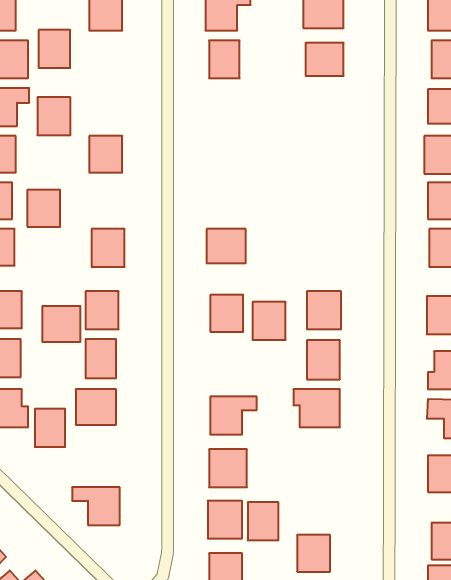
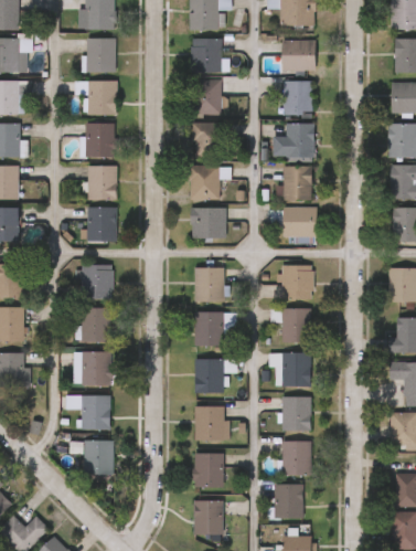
building: [39,30,70,68] -> [87,38,116,72]
building: none -> [193,78,221,115]
building: none -> [284,81,312,115]
building: [37,97,70,135] -> [87,81,117,115]
building: none -> [193,121,223,158]
building: none -> [273,124,313,158]
building: none -> [190,165,218,199]
building: none -> [282,167,311,200]
building: [27,190,60,227] -> [87,166,117,199]
building: none -> [281,206,316,237]
building: [253,302,286,340] -> [194,311,224,346]
building: [42,306,80,342] -> none
building: [35,409,65,447] -> [82,395,109,430]
building: none -> [281,396,311,430]
building: [248,502,278,540] -> [281,441,309,475]

